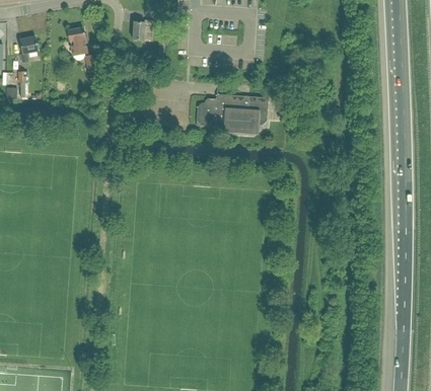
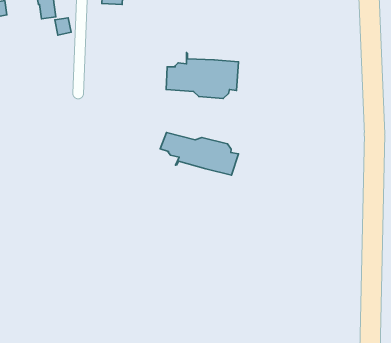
building: none -> [160,132,239,175]

